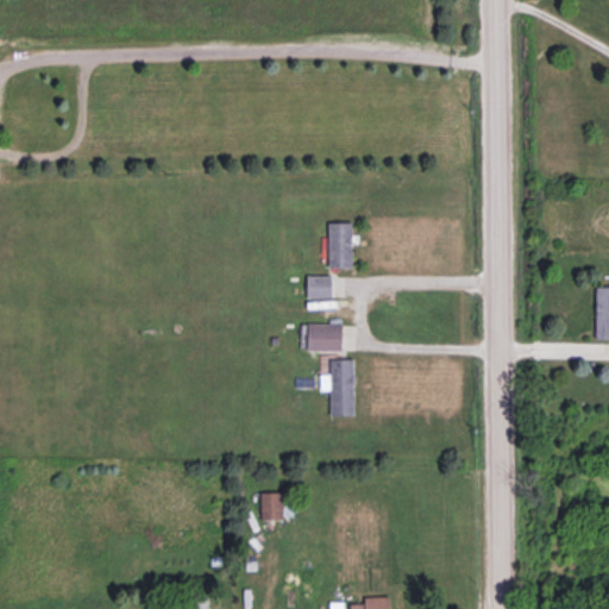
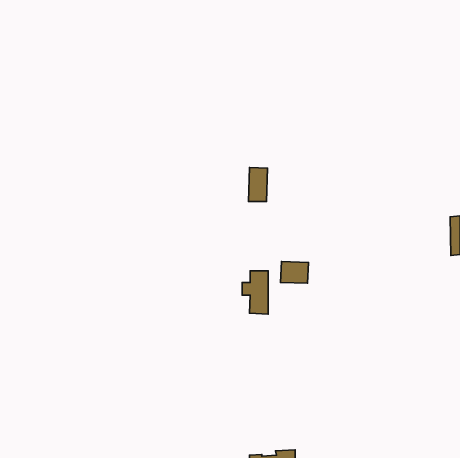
building: [306,277,333,300] -> none
building: [307,325,344,353] -> [281,262,308,283]
building: [260,494,291,521] -> none

